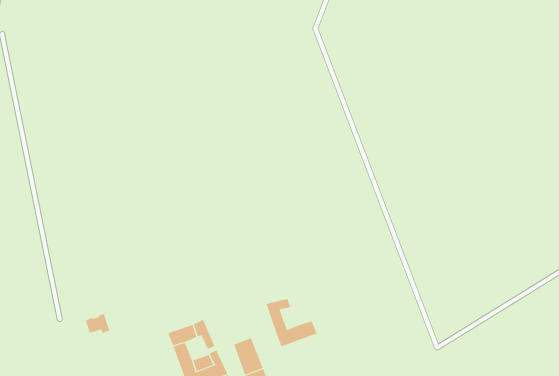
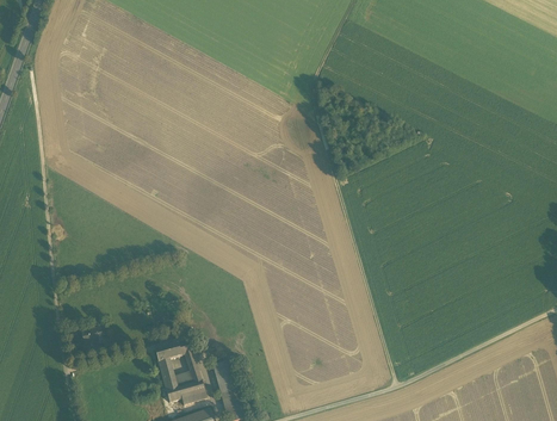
building: [266,298,317,347] -> none

